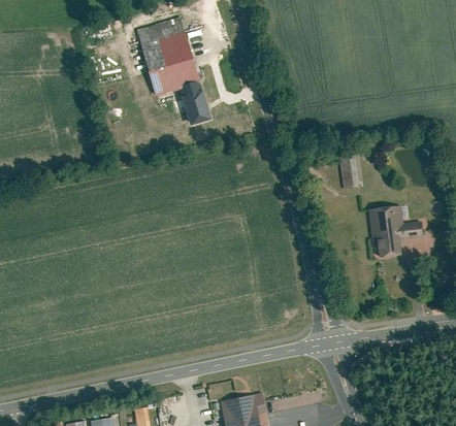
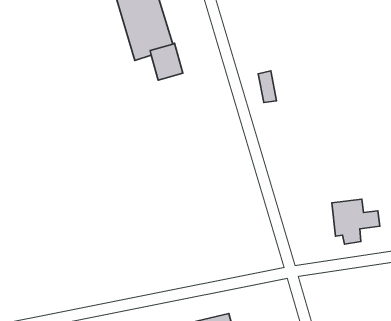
building: [338,152,359,188] -> [258,71,276,103]
building: [369,205,424,257] -> [332,199,380,244]

